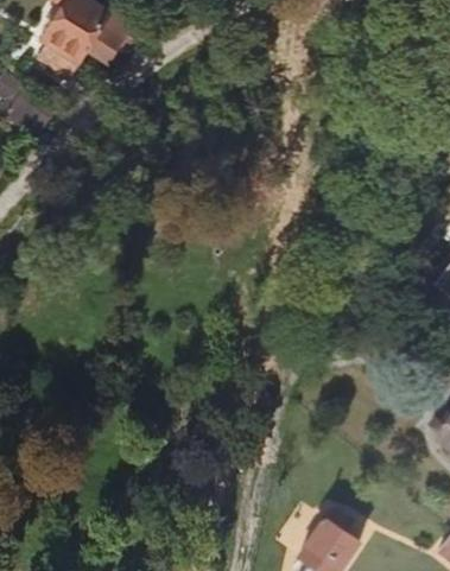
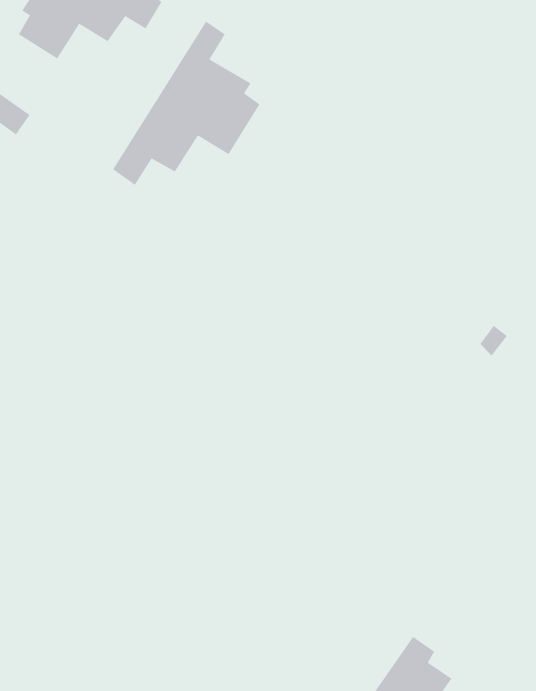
building: none -> [112,21,261,186]

